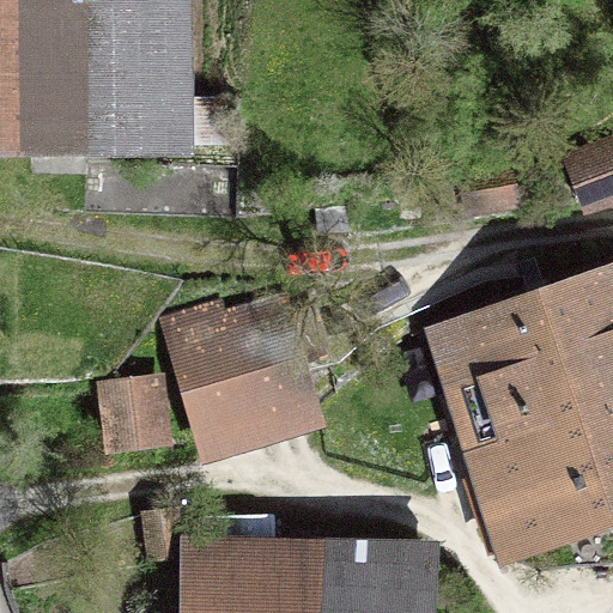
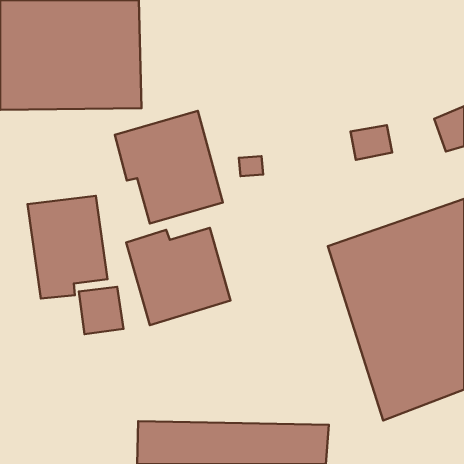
building: none -> [115,111,223,223]
building: none -> [27,196,107,299]

